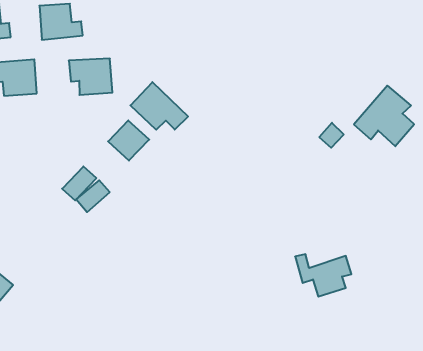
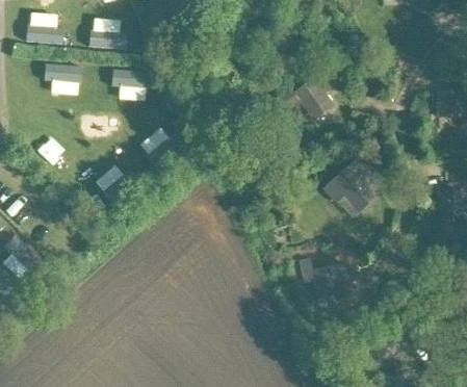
building: none -> [286,76,327,124]
building: [130,82,188,130] -> none
building: [354,86,414,146] -> [318,160,371,214]

